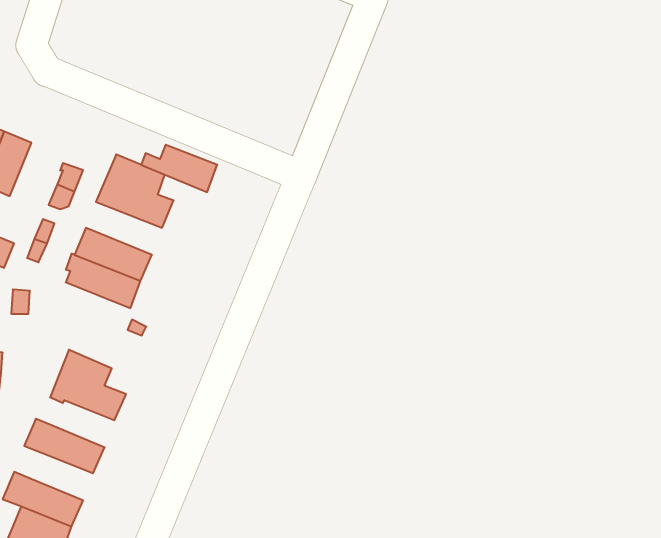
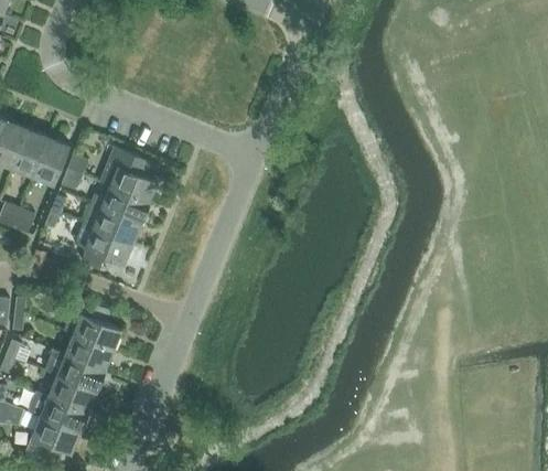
building: none -> [31,138,68,186]
building: [141,145,217,192] -> [89,188,148,224]
building: none -> [64,335,111,372]
building: none -> [47,376,95,413]

